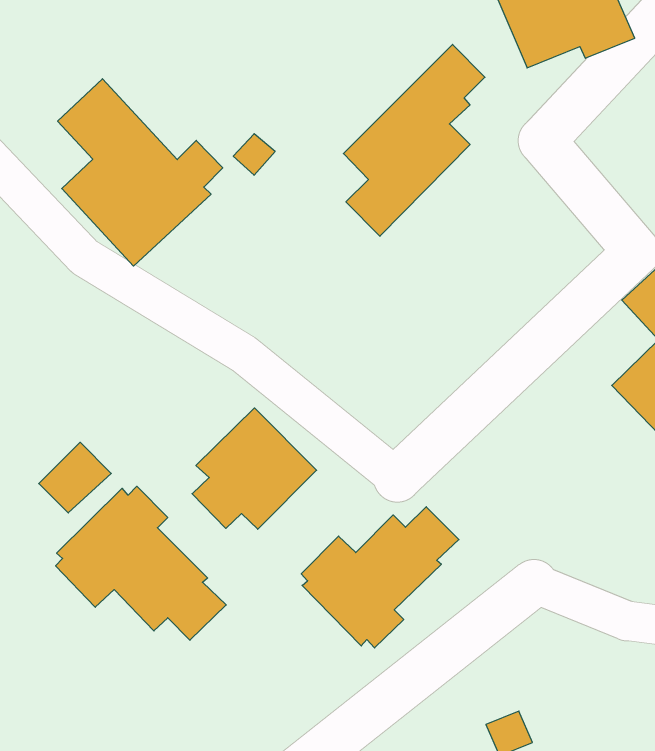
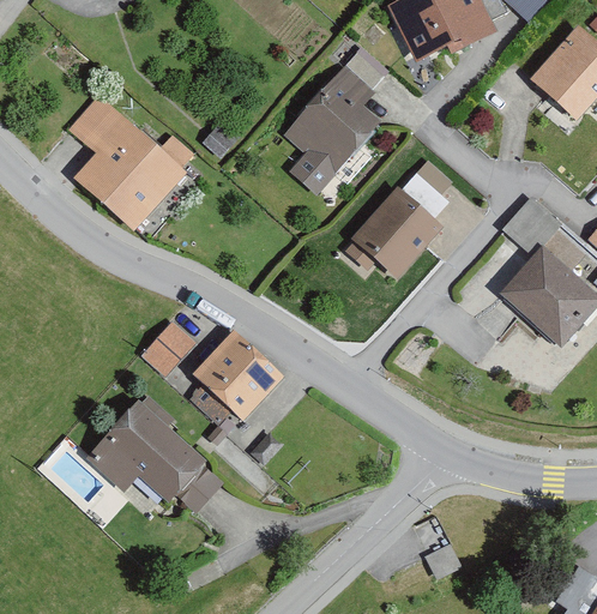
building: none -> [346,157,452,278]
building: [39,442,111,513] -> [141,323,195,377]
building: [301,507,459,648] -> none

